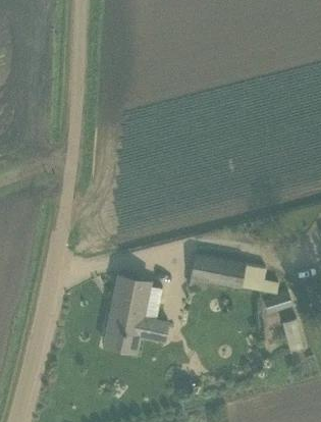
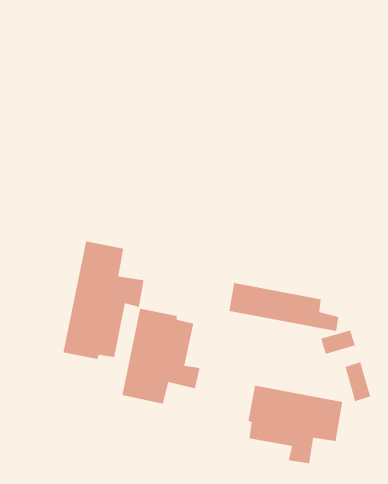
building: none -> [63,241,144,360]
building: none -> [247,385,343,464]

